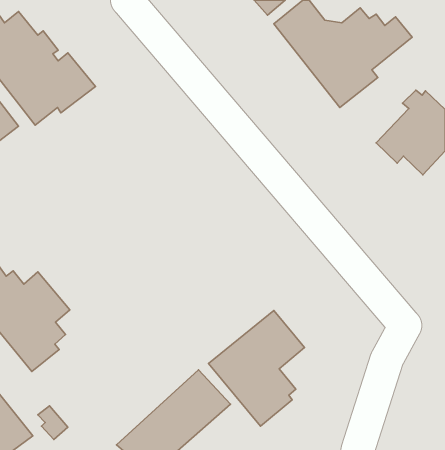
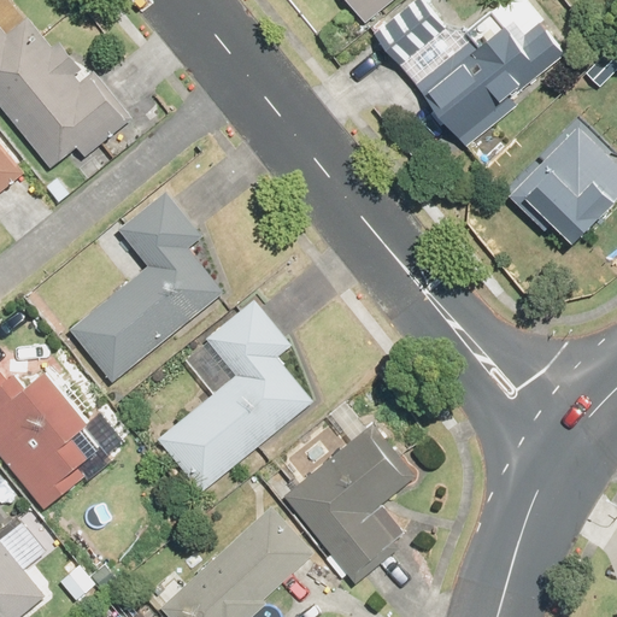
building: none -> [70,192,223,382]
building: none -> [158,300,312,492]

